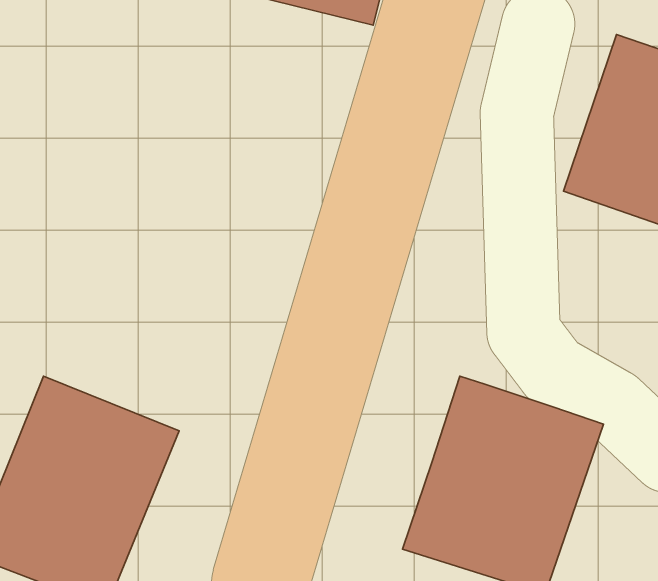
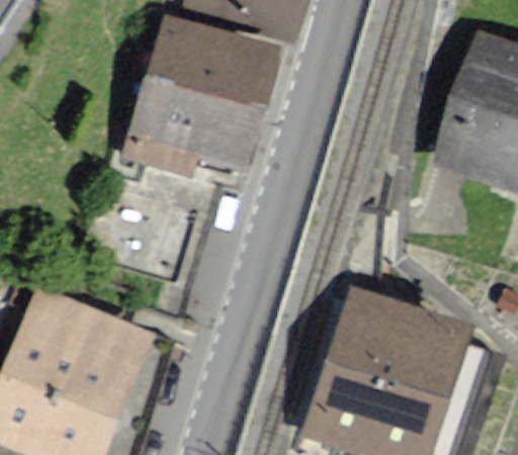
building: none -> [131,21,274,173]

